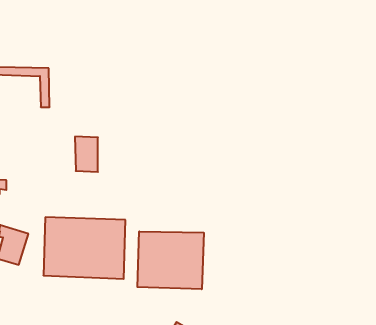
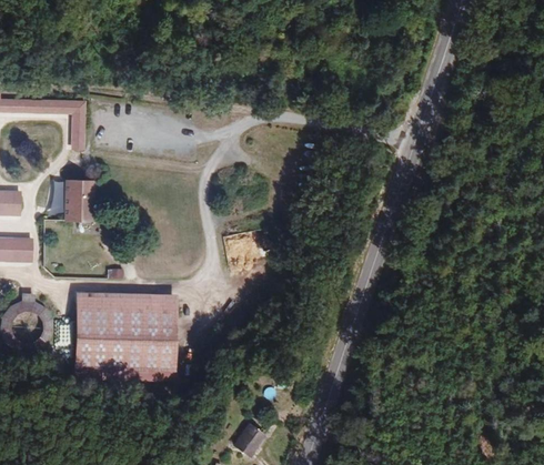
building: [75,137,98,172] -> [62,180,91,224]
building: [137,231,204,289] -> none

